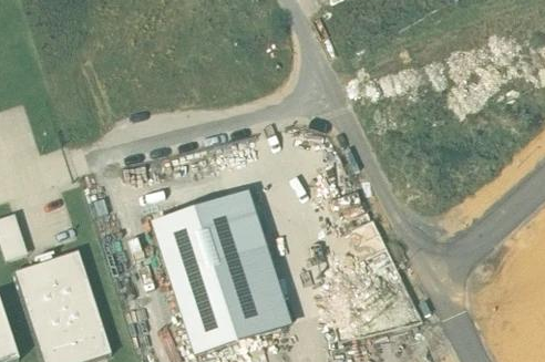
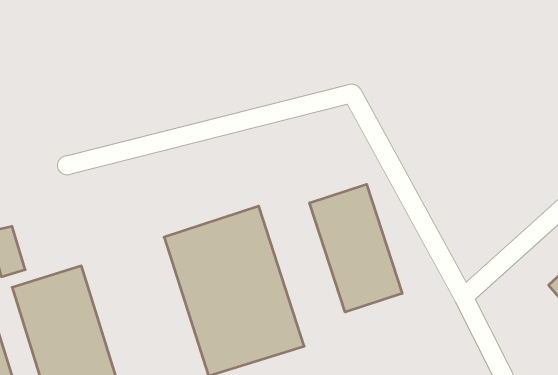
building: none -> [310,184,402,312]

